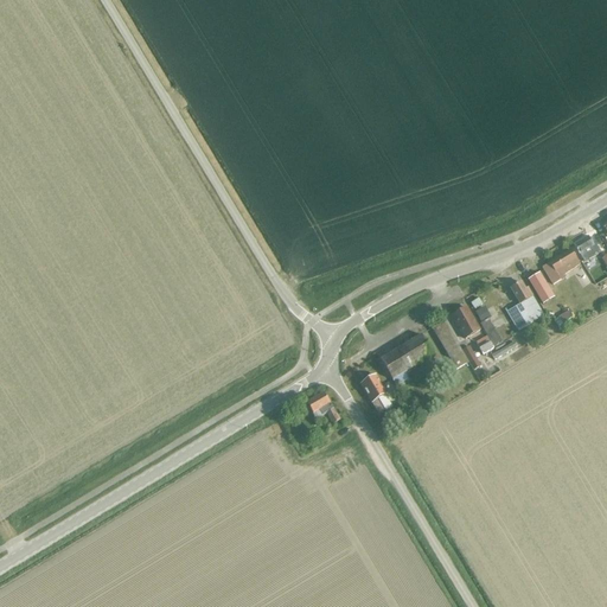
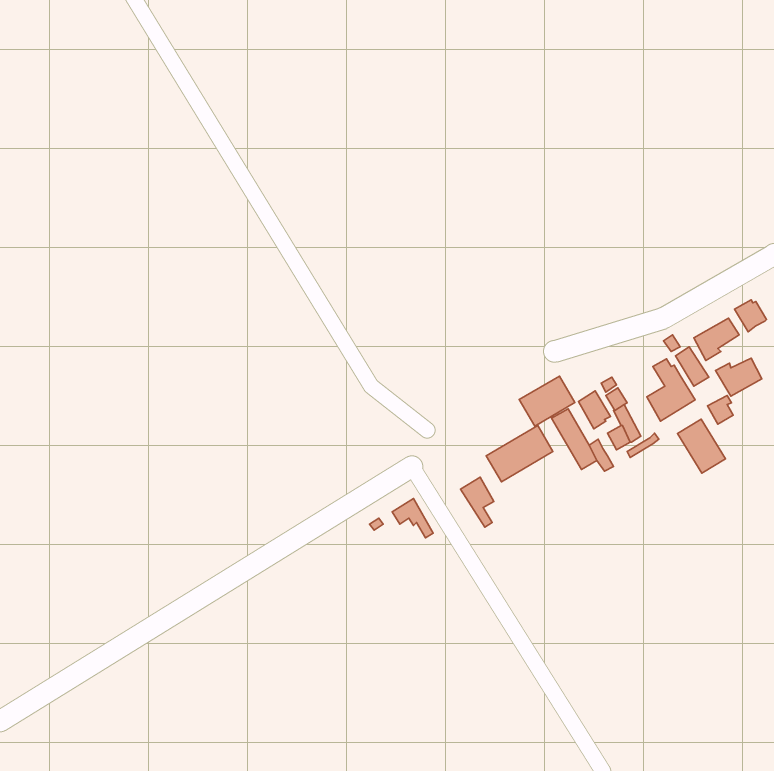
building: none -> [716,358,762,396]
building: none -> [519,376,575,426]
building: none -> [678,419,725,473]

